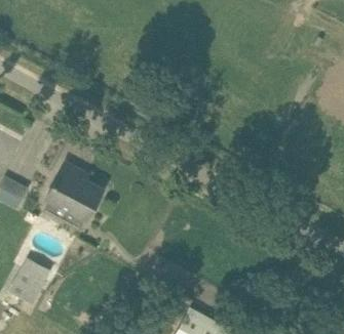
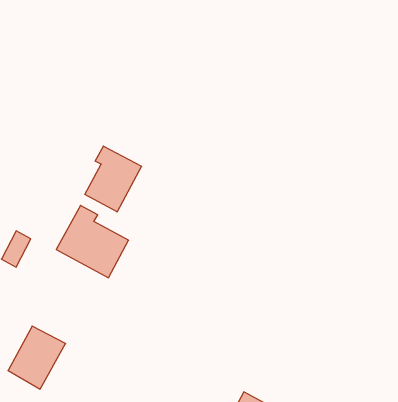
building: none -> [85,146,142,212]

